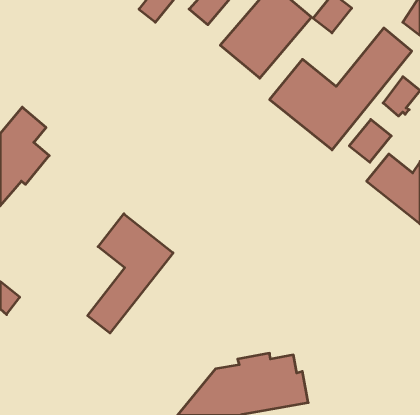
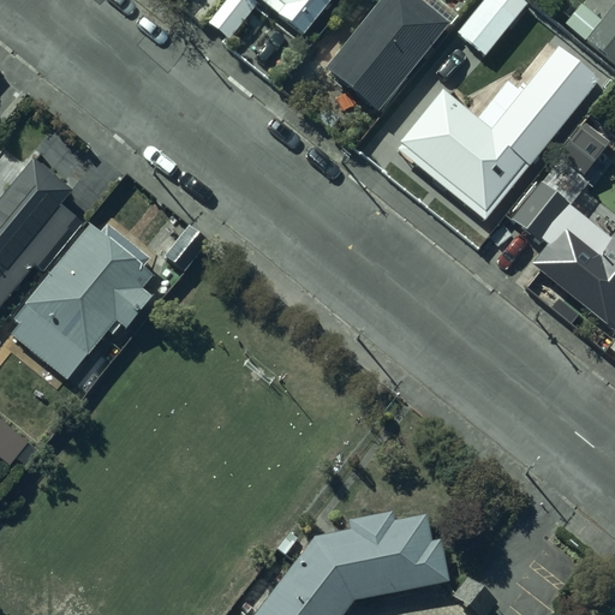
building: none -> [10,222,149,366]
building: [88,214,173,333] -> none

